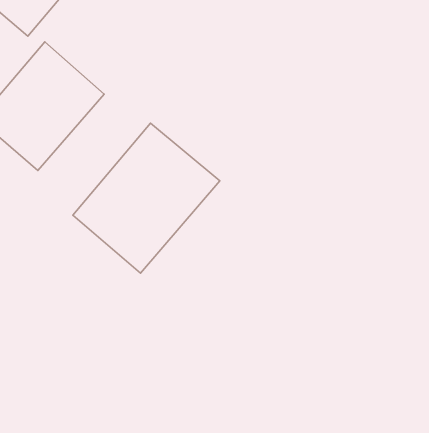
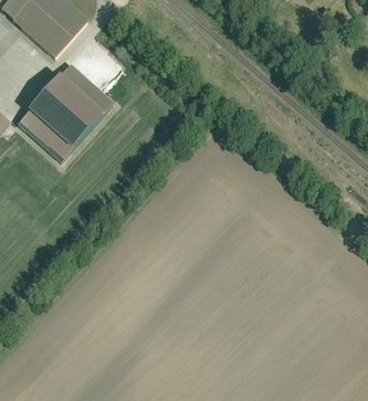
building: [73,123,220,273] -> none

